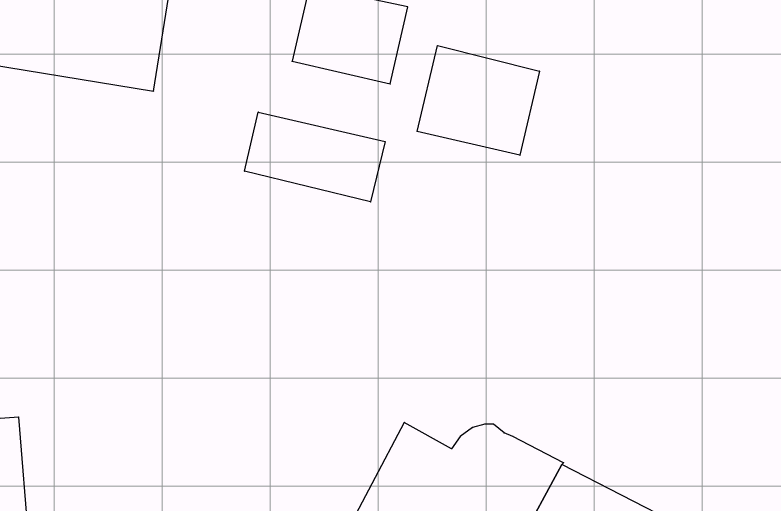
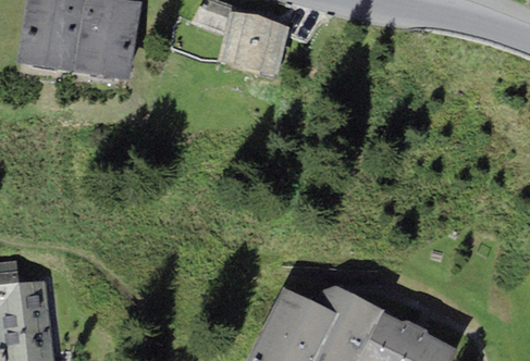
building: [417,46,539,155] -> none
building: [245,112,385,202] -> none

